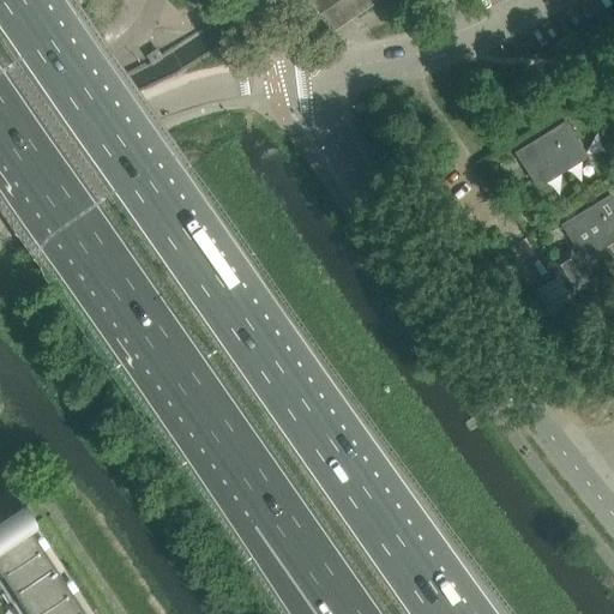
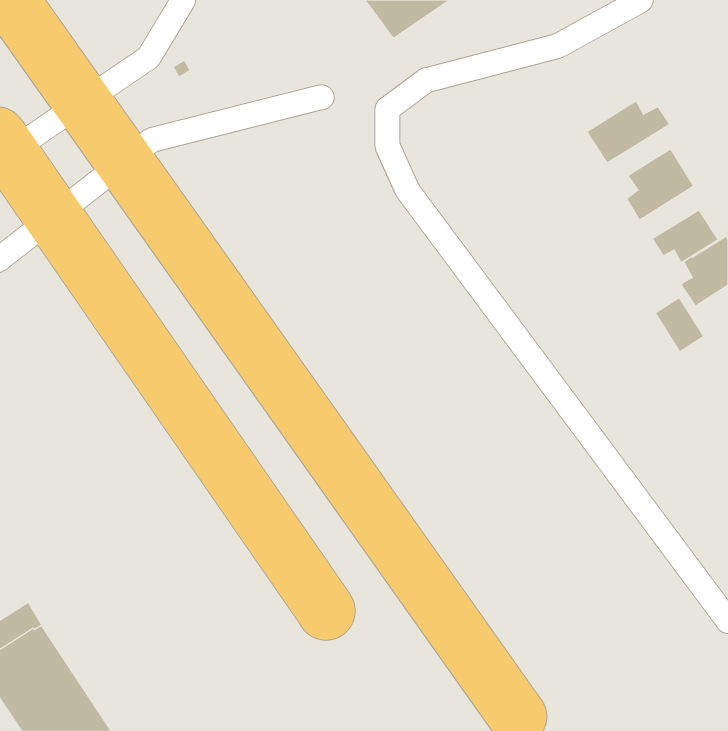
building: none -> [587,101,670,163]
building: none -> [652,210,718,263]

